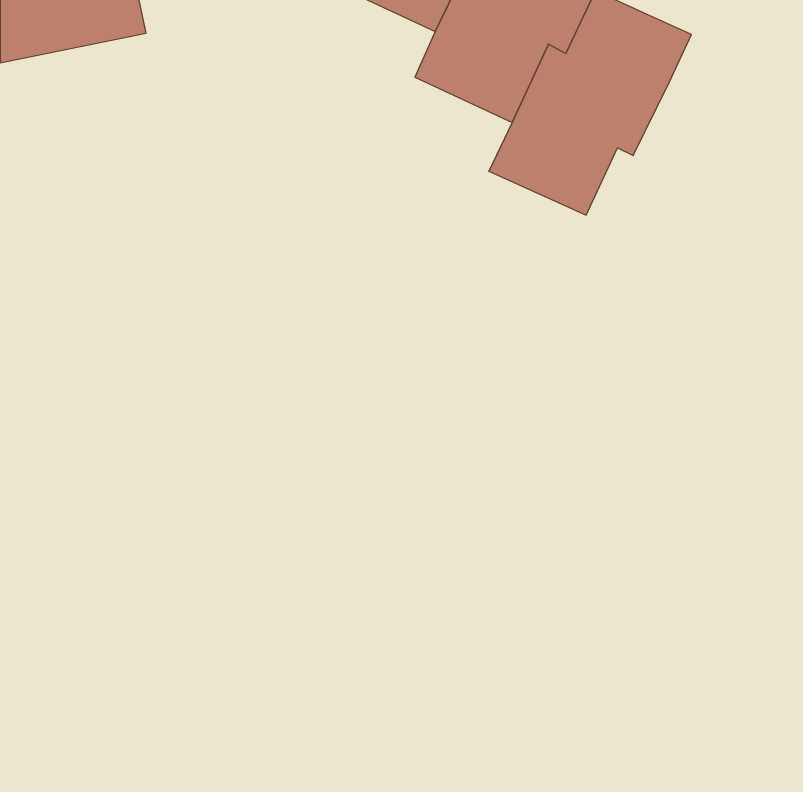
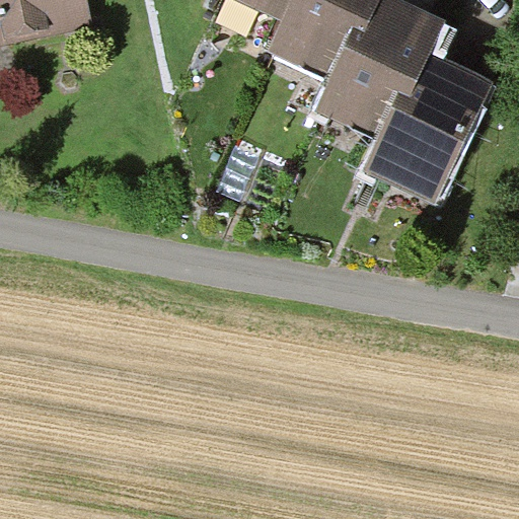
building: none -> [364,53,493,203]

